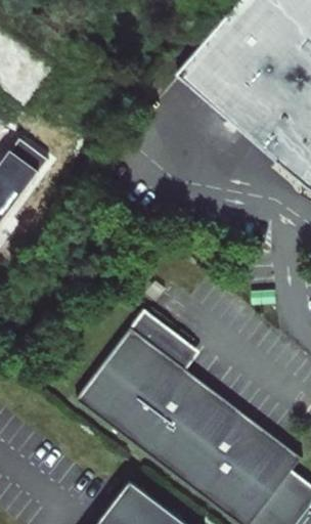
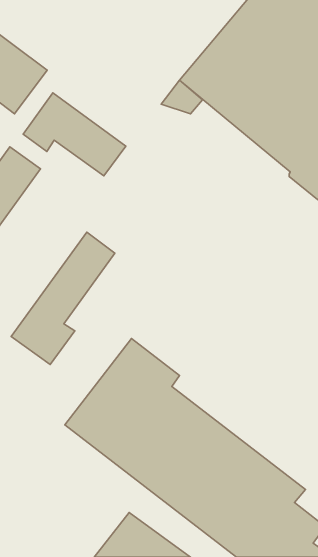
building: none -> [23,93,126,176]
building: none -> [11,232,115,364]

